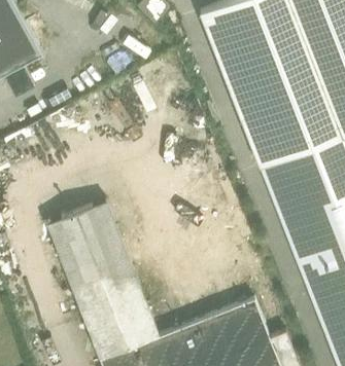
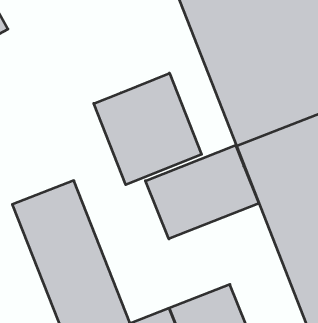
building: none -> [94,73,202,185]
building: none -> [145,145,259,239]

